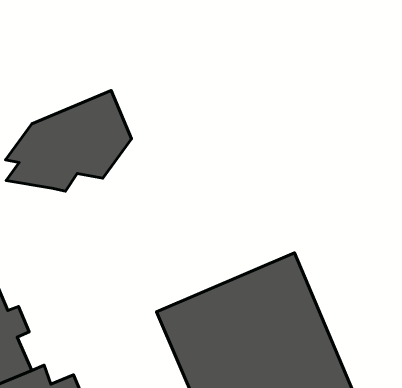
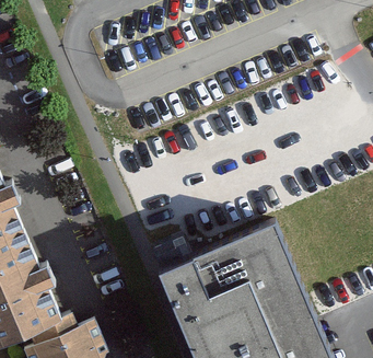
building: [6,90,131,191] -> none

